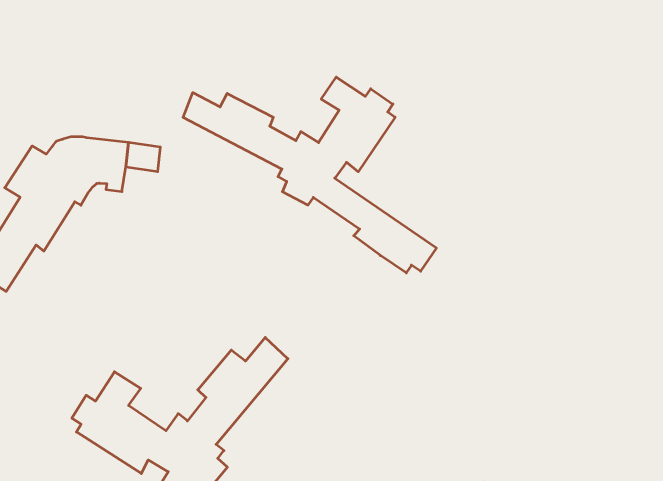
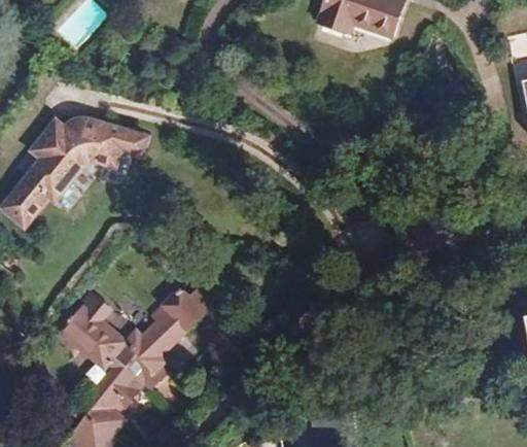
building: [183,77,436,273] -> none

